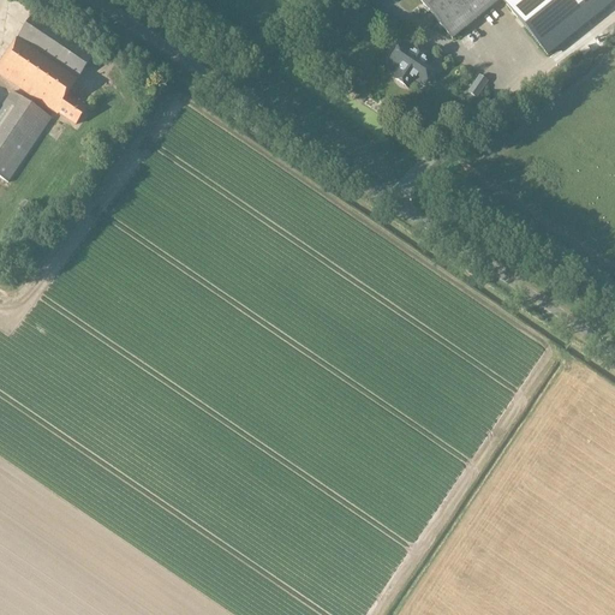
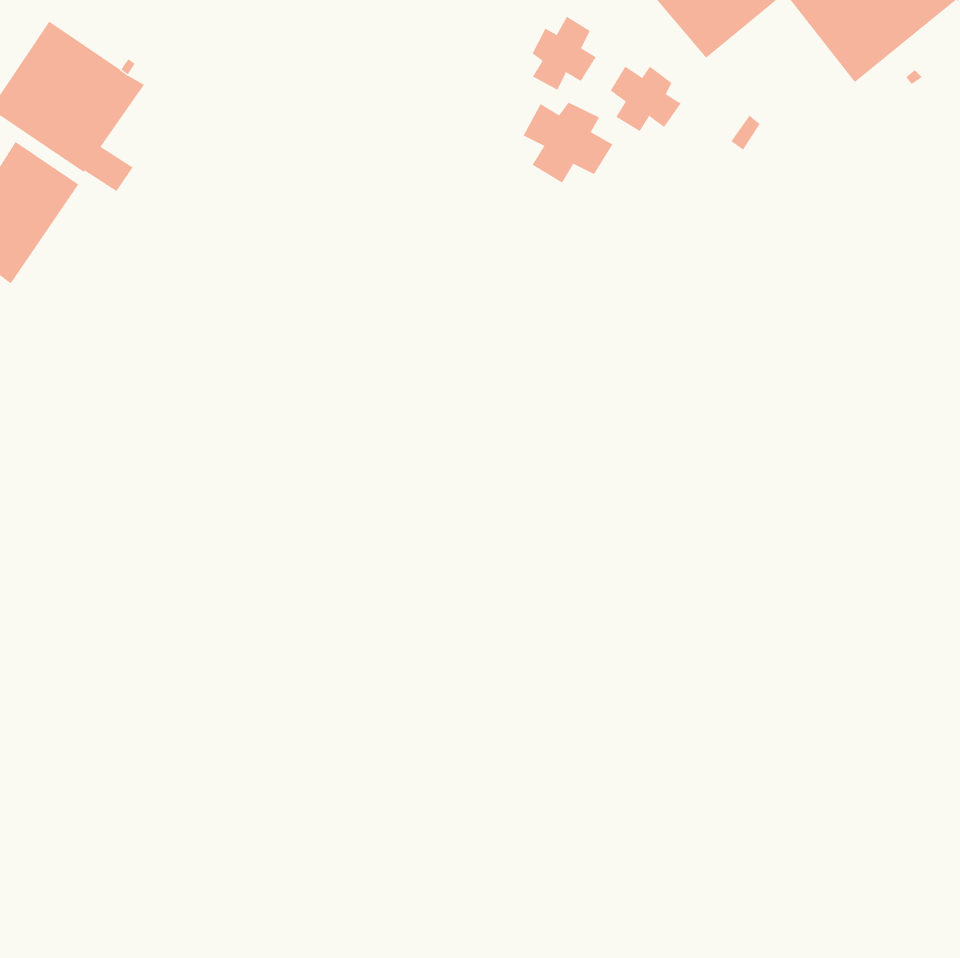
building: none -> [532,16,596,90]
building: none -> [523,102,613,184]

